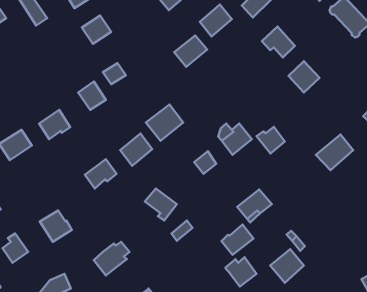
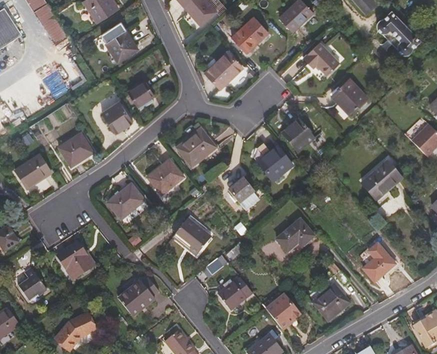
building: [257,127,285,153] -> [281,123,312,152]
building: none -> [362,246,394,281]
building: [222,225,253,255] -> [216,276,251,309]

